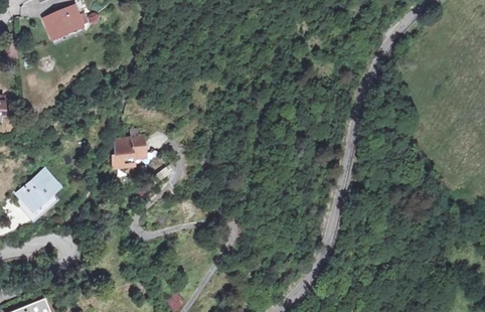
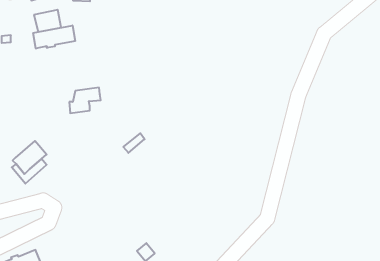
building: none -> [33,25,75,49]
building: [110,135,147,165] -> [69,88,101,113]

